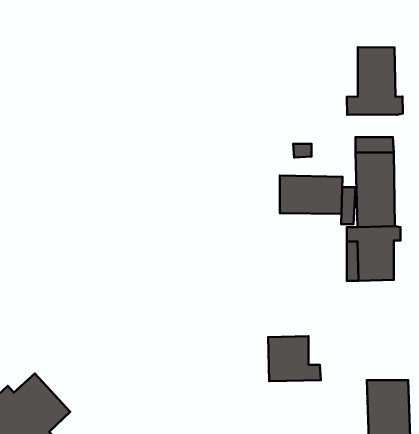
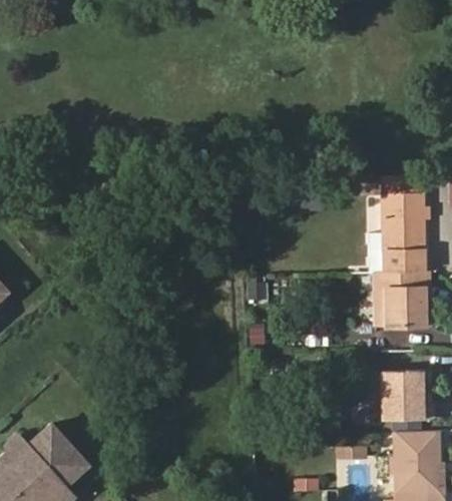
building: [347,47,403,115] -> none
building: [280,175,342,214] -> none
building: [268,336,321,381] -> [381,373,436,420]

